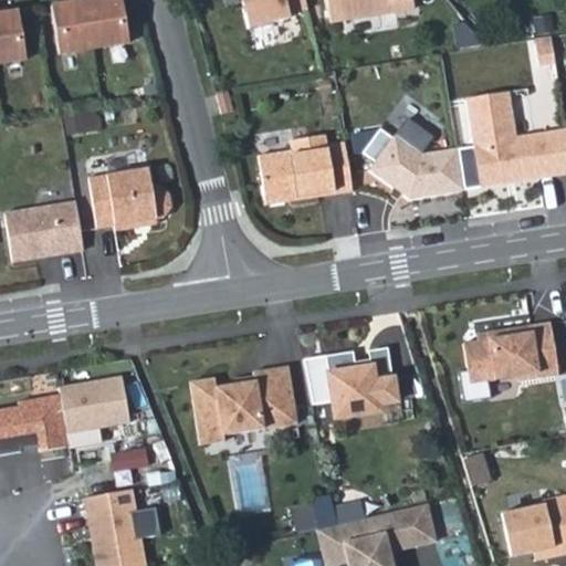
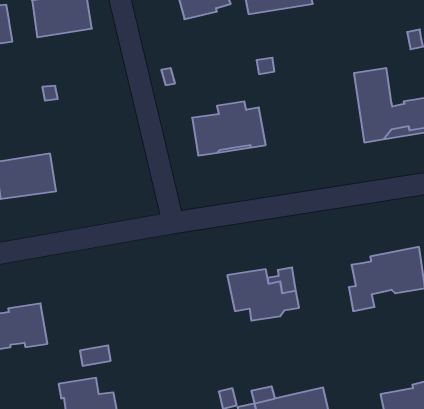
building: [361,116,463,198] -> none
building: [87,167,169,230] -> none
building: [189,366,296,444] -> none
building: [61,377,133,434] -> none

